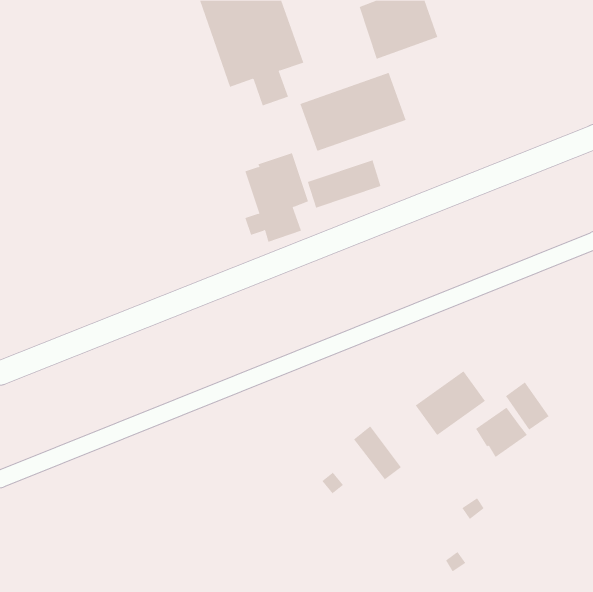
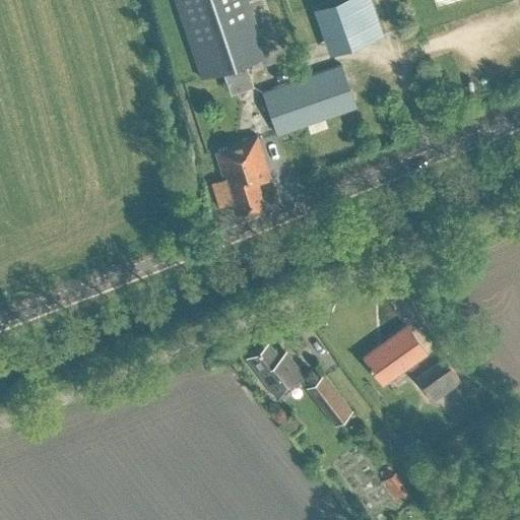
building: [307,160,381,208] -> none
building: [505,382,550,430] -> none
building: none -> [247,342,305,399]

